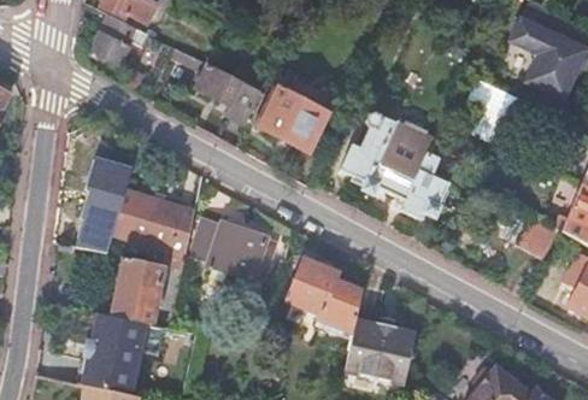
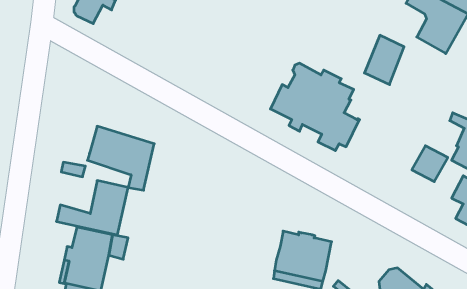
building: [198,65,260,128] -> none
building: [261,69,340,152] -> none
building: [89,166,130,224] -> none
building: [190,218,275,281] -> none
building: [287,255,361,340] -> none

